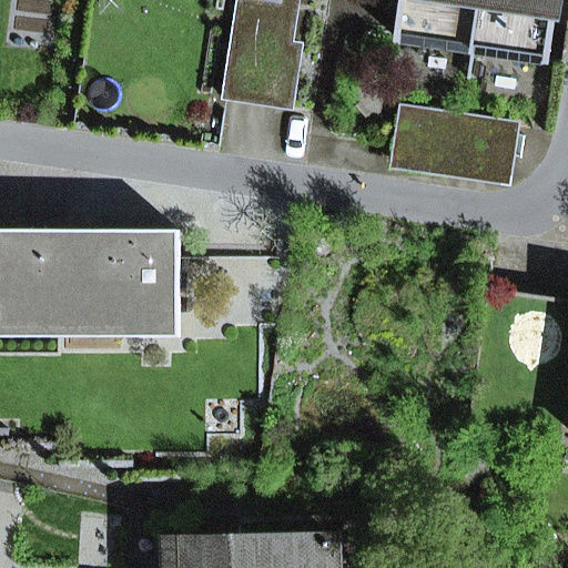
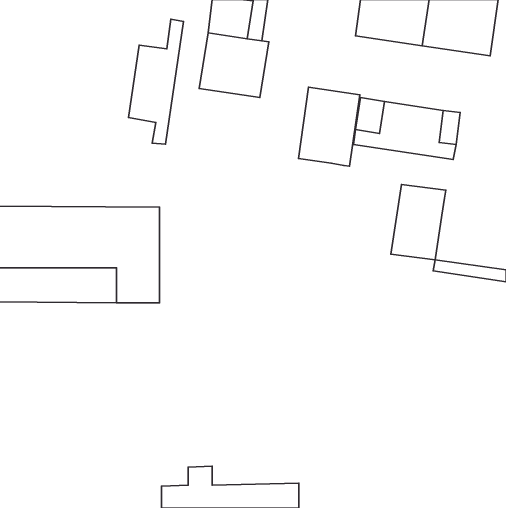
building: none -> [129,19,184,144]
building: none -> [298,87,360,166]
building: none -> [391,184,446,260]

